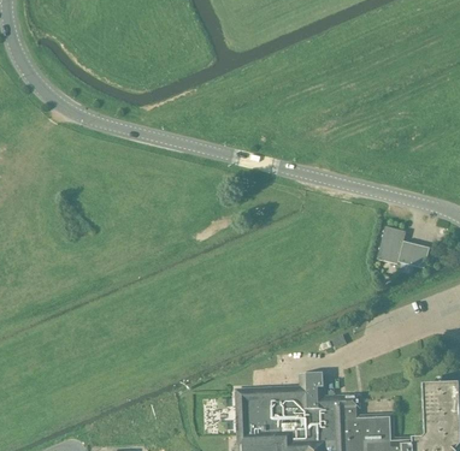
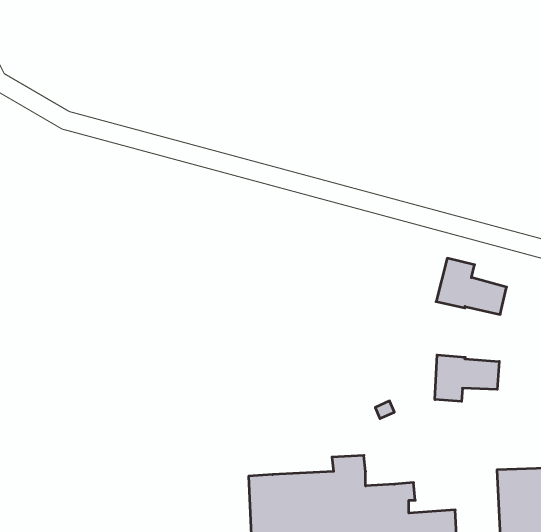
building: none -> [435,355,499,401]

